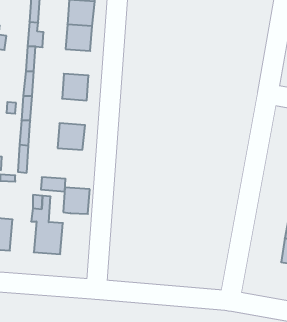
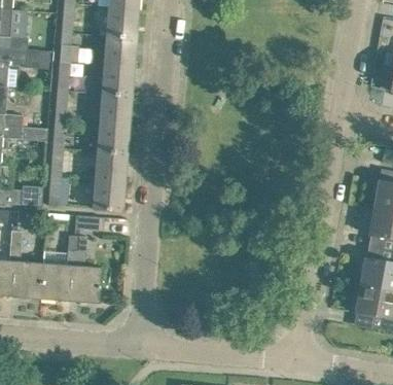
building: none -> [102,64,133,95]
building: none -> [97,121,129,152]
building: [63,187,90,214] -> [93,179,123,210]
building: none -> [39,262,70,301]

